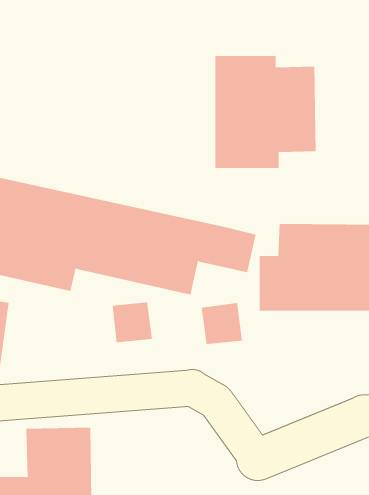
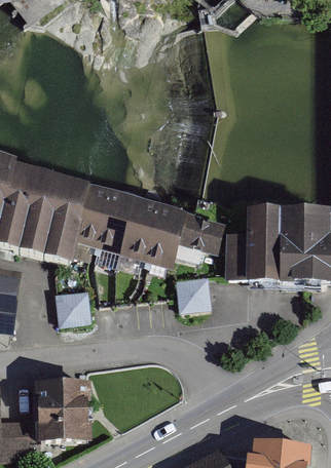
building: [215,55,316,169] -> none
building: [112,302,153,343] -> [59,287,93,321]

